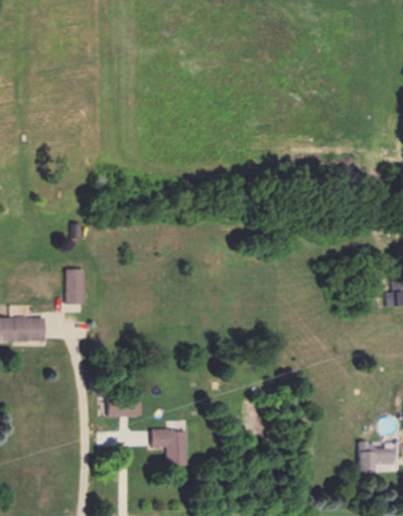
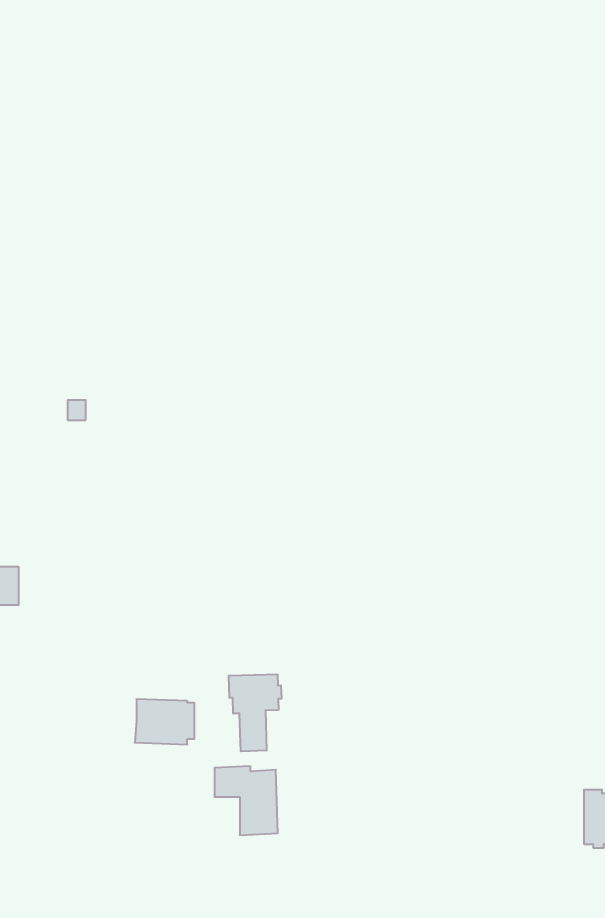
building: [66,270,84,311] -> none
building: none -> [229,674,281,751]

